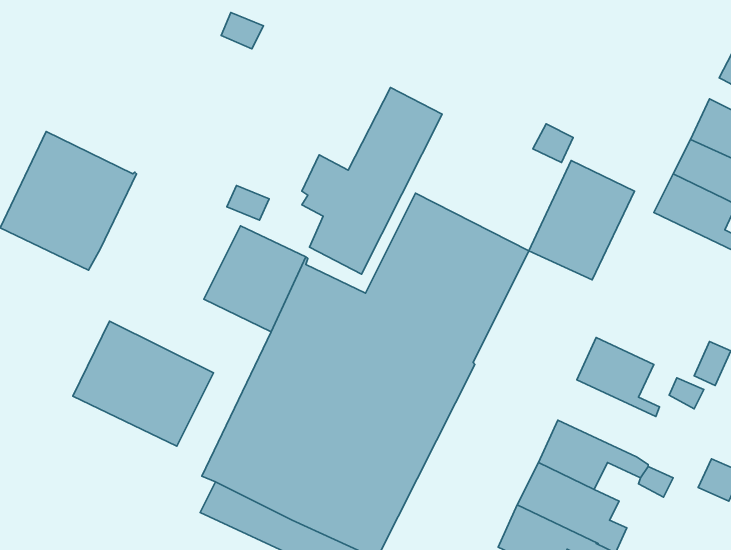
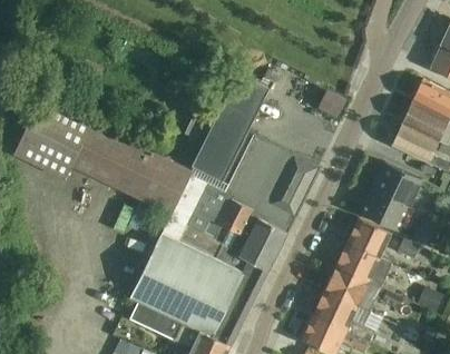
building: [529,161,635,280] -> [360,163,421,232]
building: [73,321,213,446] -> [70,124,151,196]
building: none -> [335,243,392,287]

